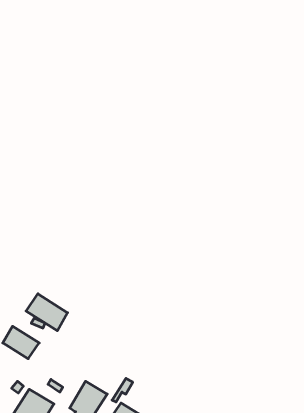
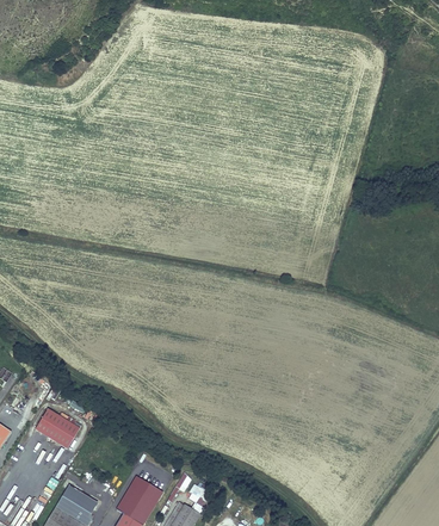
building: [26,294,68,331] -> none

